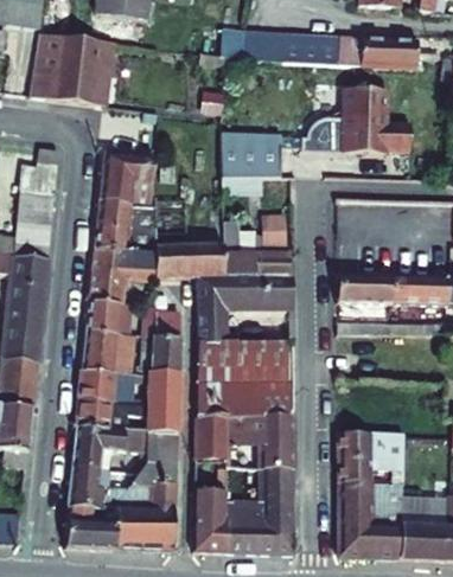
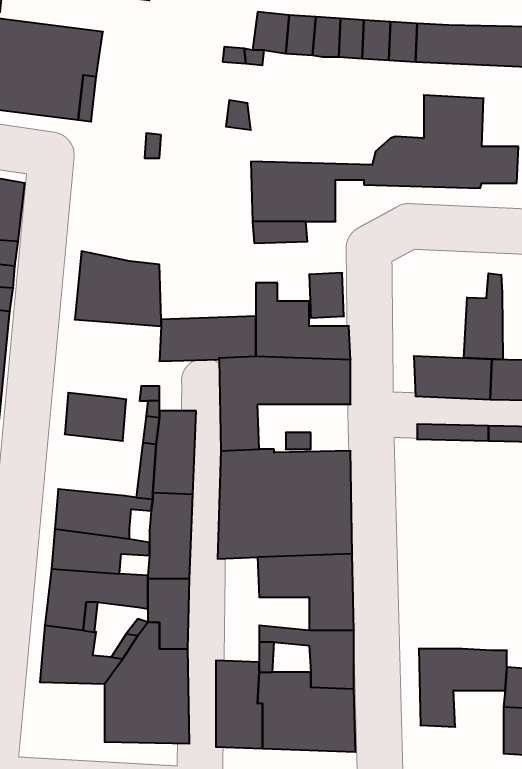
building: [100,150,155,207] -> none
building: none -> [464,273,503,360]
building: [90,246,157,302] -> none
building: [83,328,134,372] -> none
building: [196,416,226,461] -> none
building: [339,430,404,482] -> none
building: [66,505,116,547] -> none
building: [342,511,402,556] -> none

